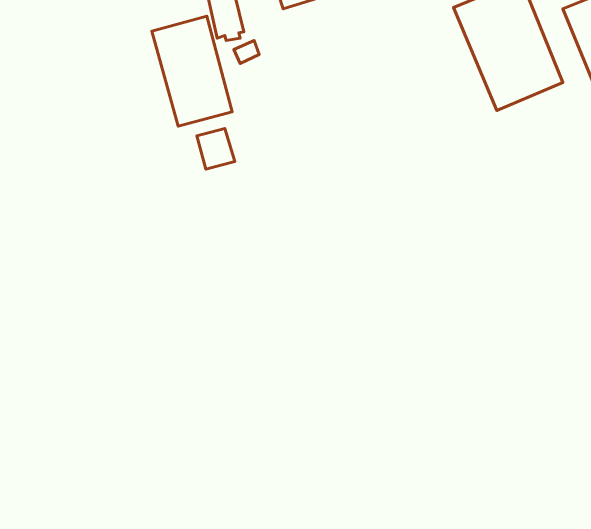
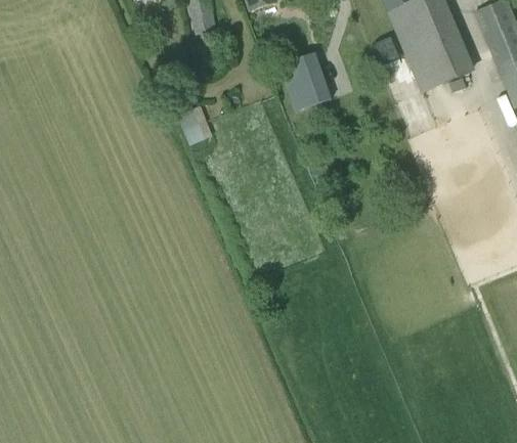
building: [152,16,232,126] -> none
building: none -> [278,50,332,110]

